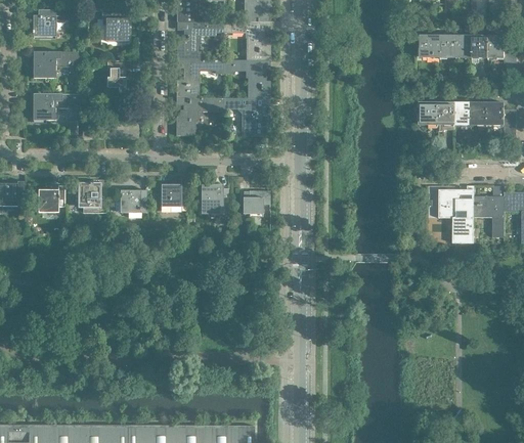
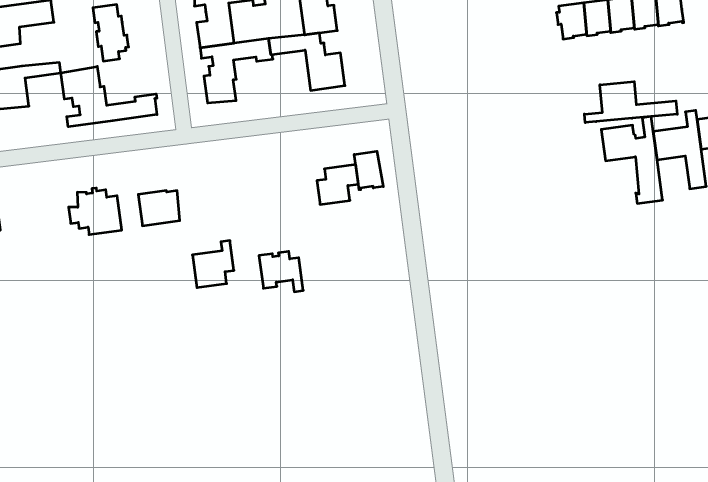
building: none -> [61,66,157,127]
building: none -> [584,82,677,123]
building: [160,178,186,207] -> [192,241,234,288]
building: none -> [354,151,383,190]
building: [37,185,63,212] -> none
building: [201,190,227,218] -> [259,251,303,292]

